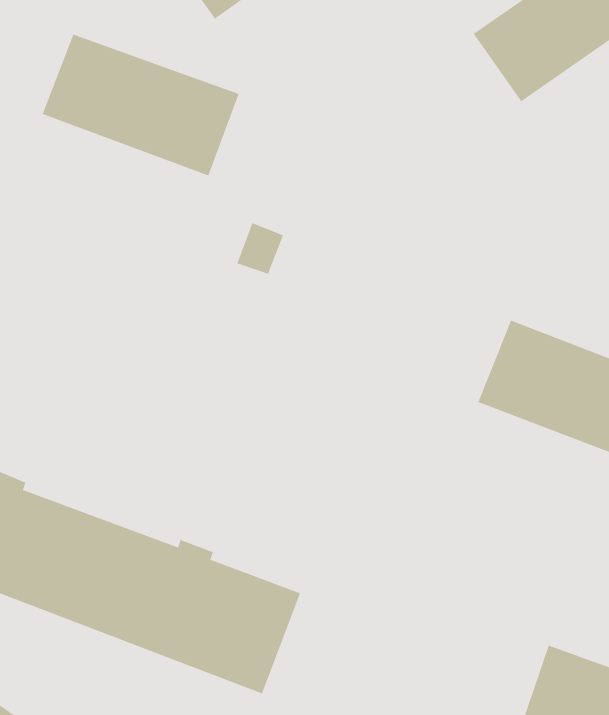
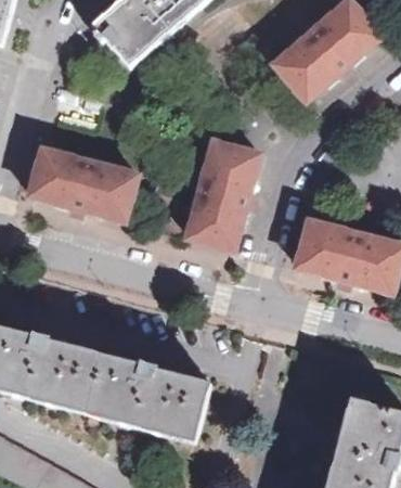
building: [42,34,240,176] -> [29,147,139,220]
building: none -> [187,140,258,249]

